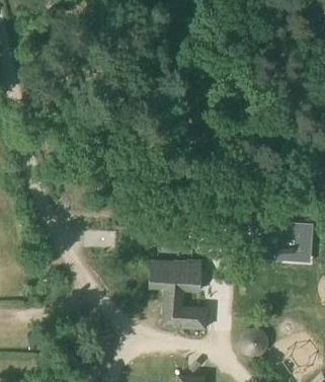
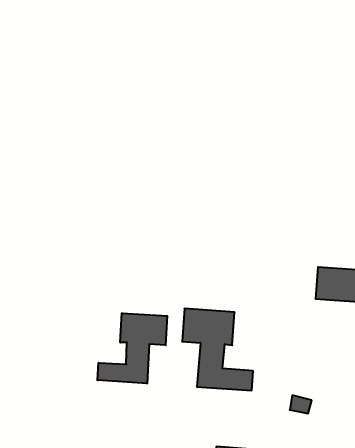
building: none -> [97,313,167,384]

